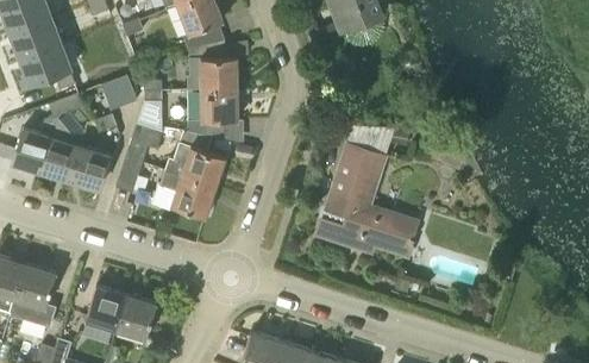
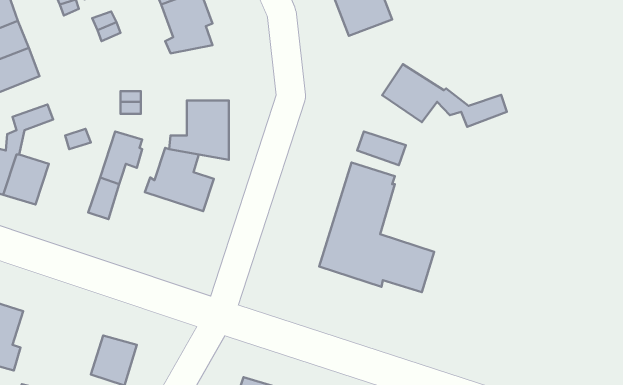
building: [187,40,238,89] -> none
building: none -> [382,64,507,127]
building: [100,75,136,111] -> none
building: [68,145,108,189] -> none
building: [158,170,215,217] -> none
building: [87,287,127,331] -> none

